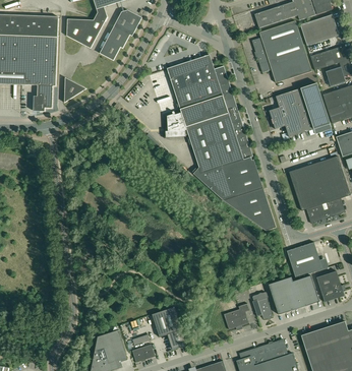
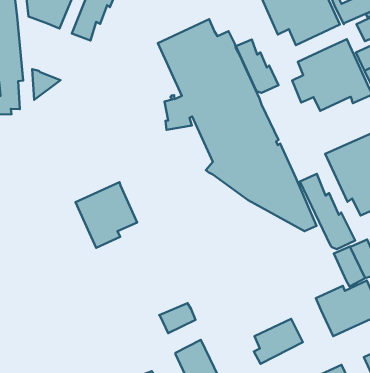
building: none -> [236,39,278,93]
building: none -> [76,182,137,248]
building: none -> [300,174,355,249]
building: none -> [159,303,196,333]
building: [251,291,272,319] -> none

